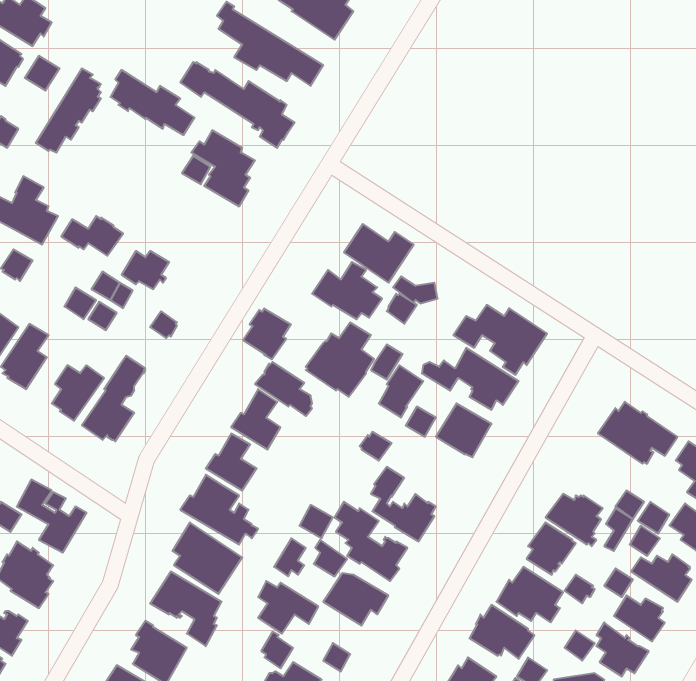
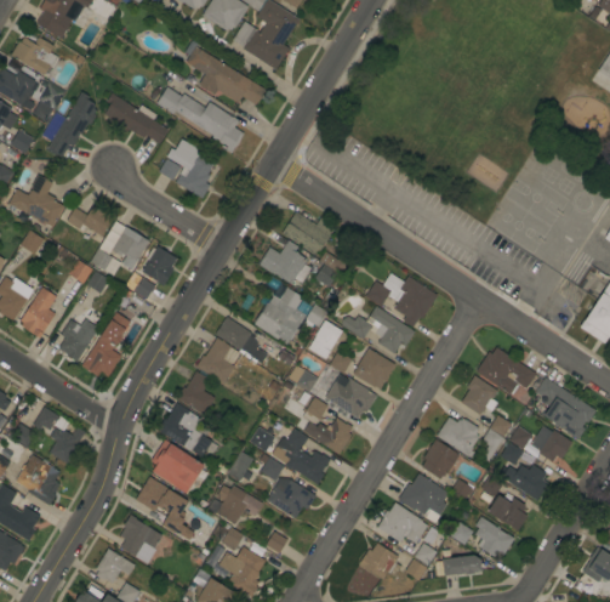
building: [243,309,291,359] -> [142,246,178,285]
building: none -> [325,369,377,418]
building: none -> [461,375,498,415]

